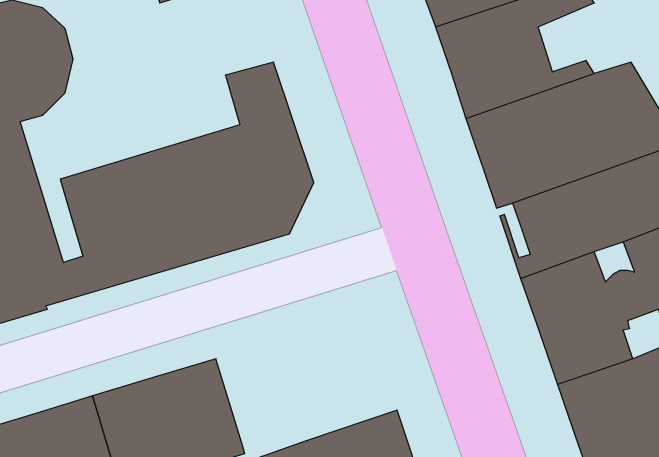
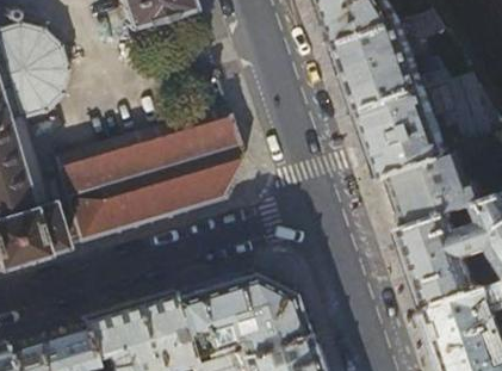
building: none -> [171,273,305,358]

